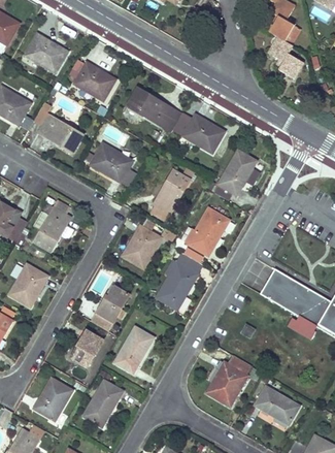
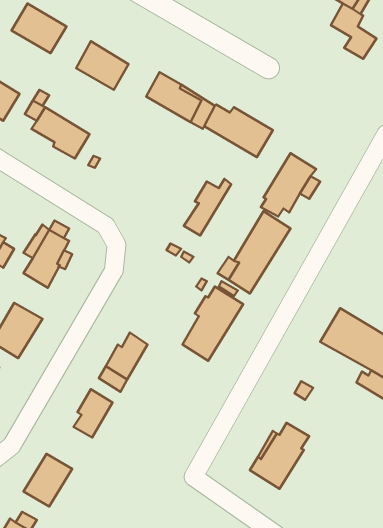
building: [90,143,138,190] -> none
building: [122,225,161,266] -> none
building: [112,326,152,373] -> none
building: [82,379,123,426] -> none
building: [255,387,300,426] -> none

